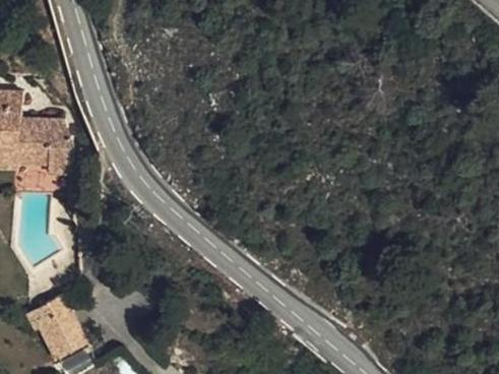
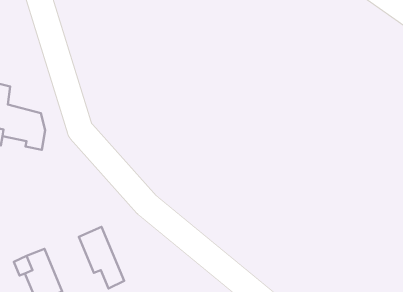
building: none -> [79,227,124,288]

